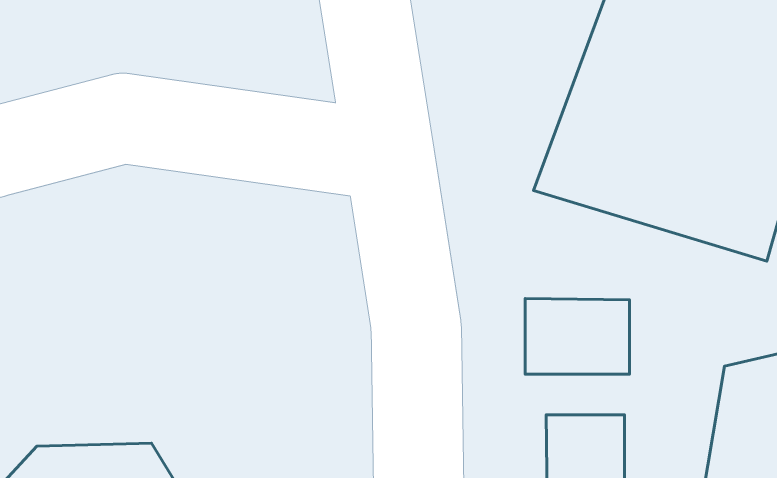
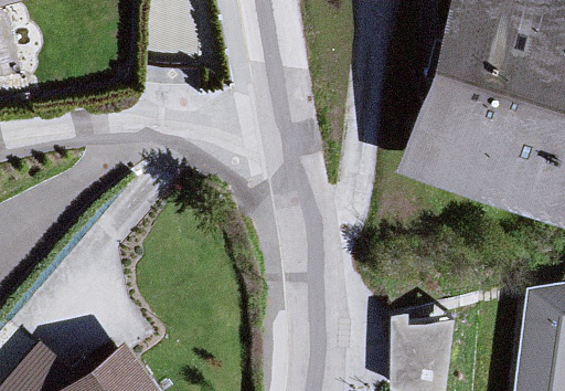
building: [525,298,629,374] -> none

